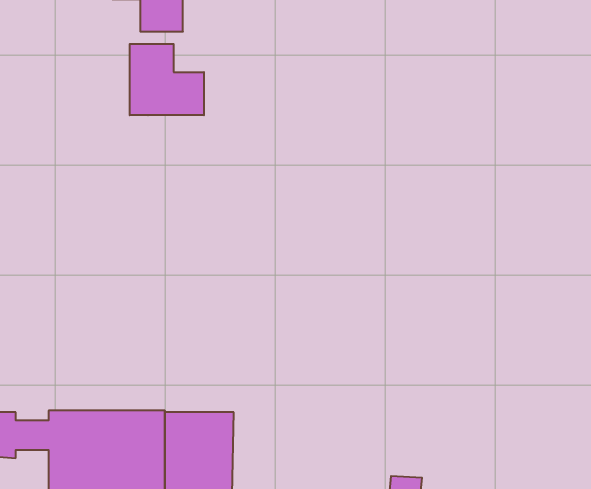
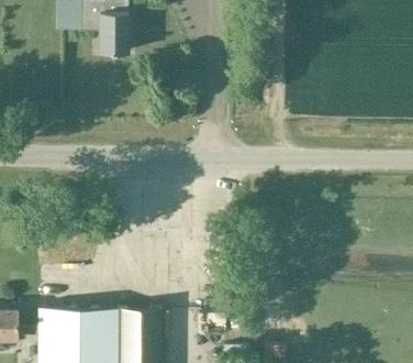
building: [130,44,204,115] -> none

